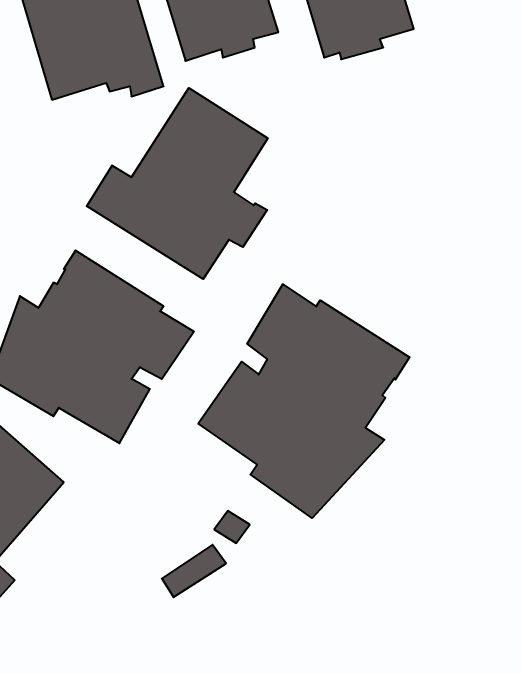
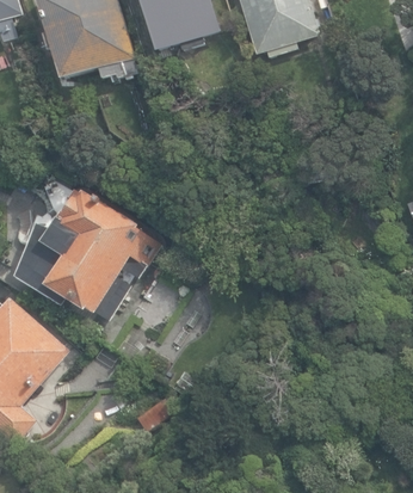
building: [87,88,268,279] -> none
building: [198,284,410,518] -> none

